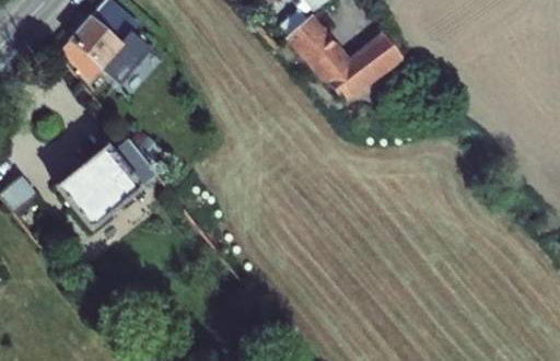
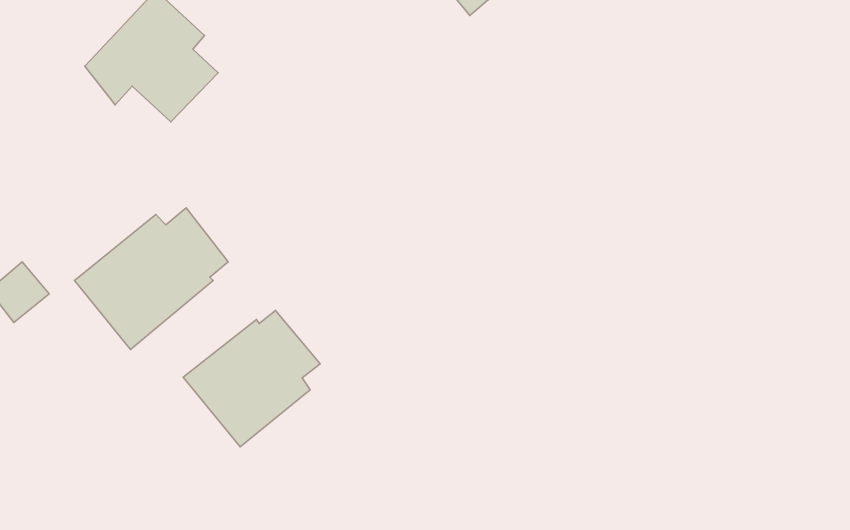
building: [283,9,404,103] -> none
building: none -> [183,311,320,447]

